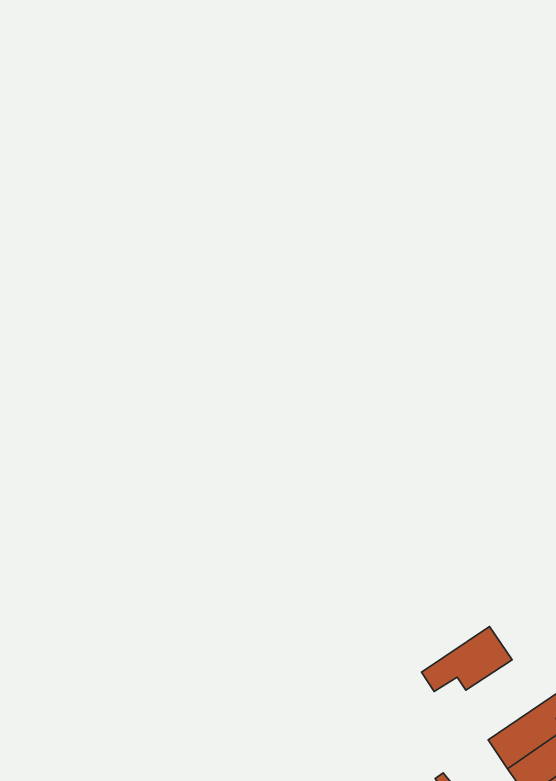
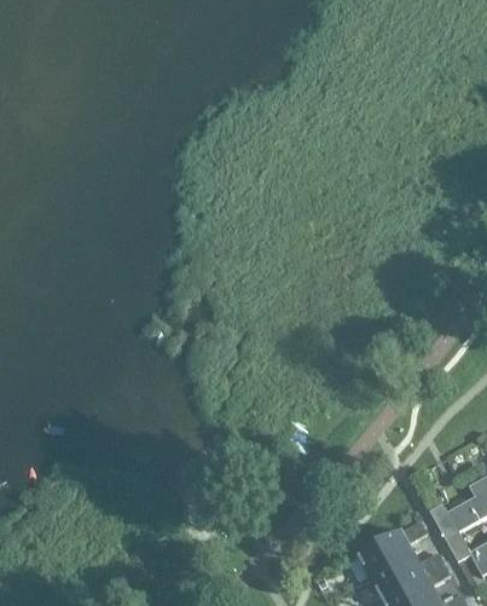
building: [422,626,512,692] -> none

